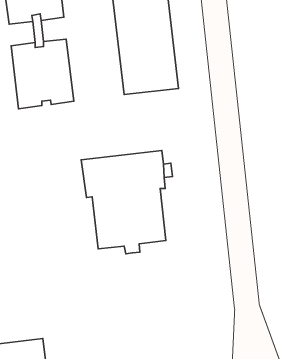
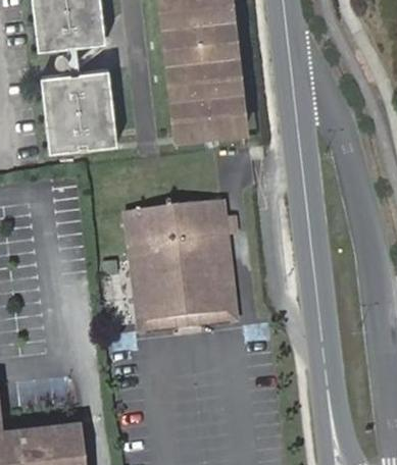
building: none -> [196,245,237,322]
building: none -> [132,255,180,329]

